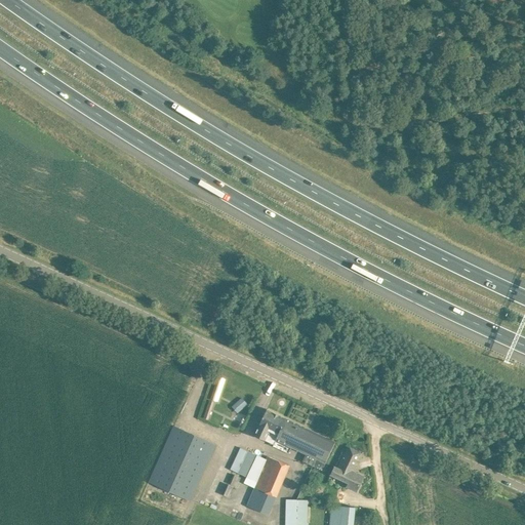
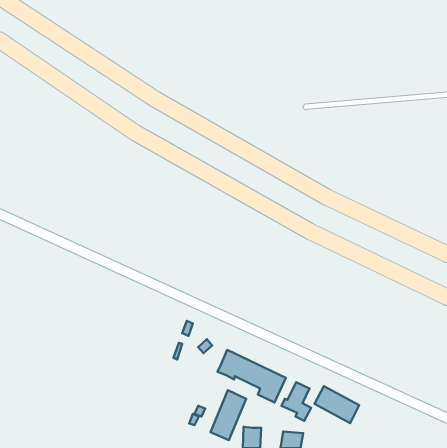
building: [150,426,215,500] -> none
building: [230,448,256,477] -> none
building: none -> [314,386,359,423]

